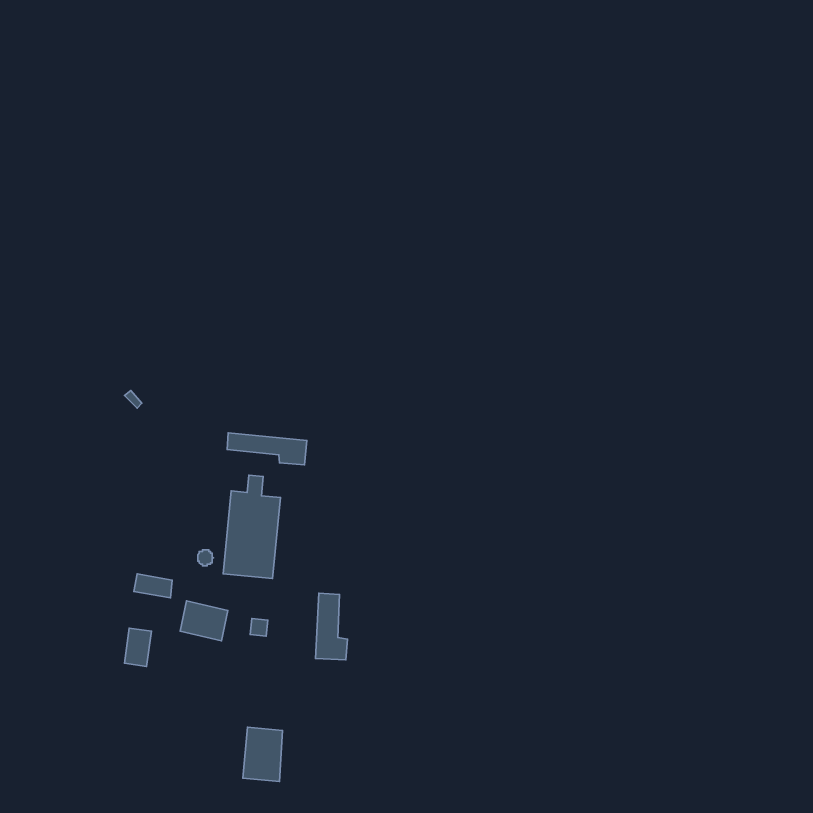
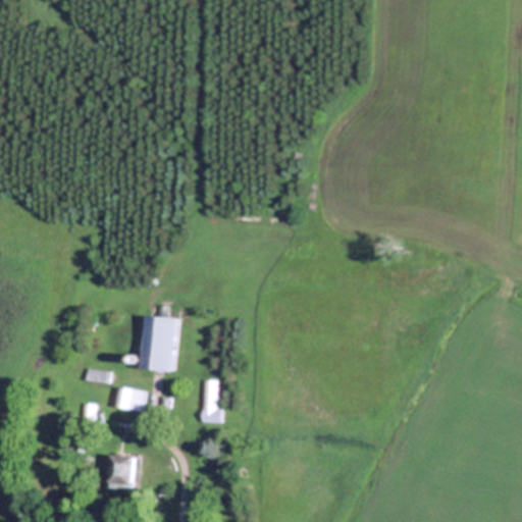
building: [227,433,307,465] -> none
building: [243,727,283,781] -> [108,455,134,489]

